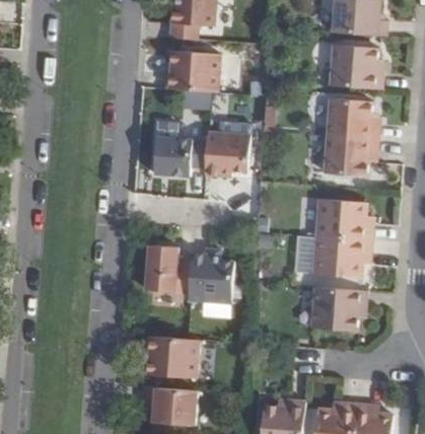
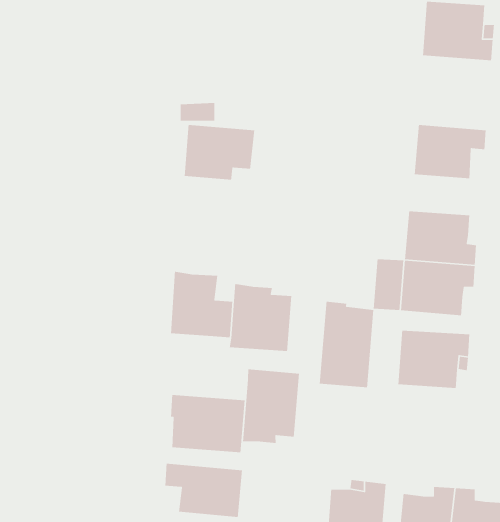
building: [163,50,222,93] -> none
building: [328,98,379,140] -> none
building: [204,130,251,178] -> none
building: none -> [319,301,374,388]
building: none -> [242,368,300,444]

